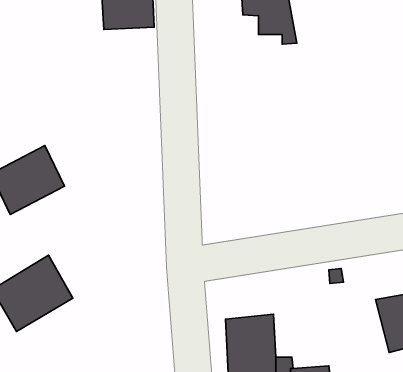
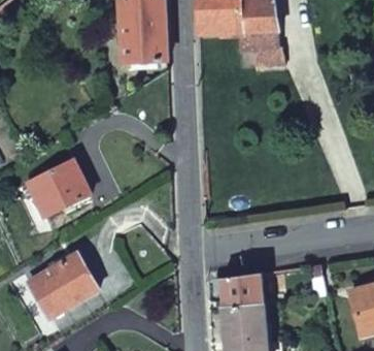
building: none -> [217,272,265,305]

